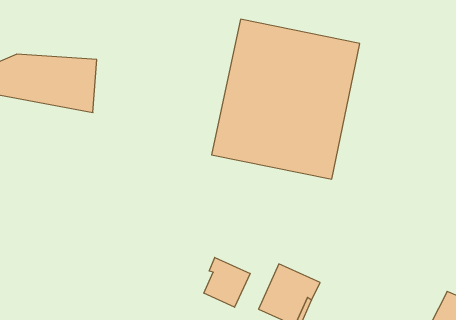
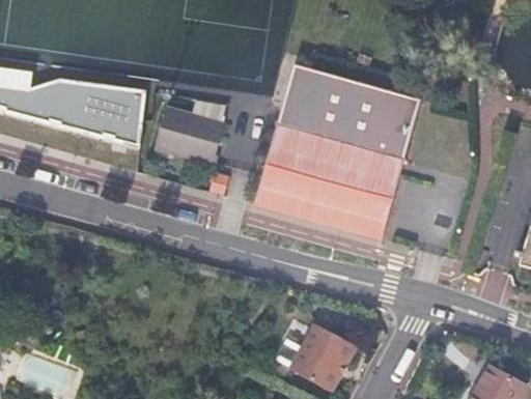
building: none -> [152,103,224,162]
building: [204,257,250,307] -> none

